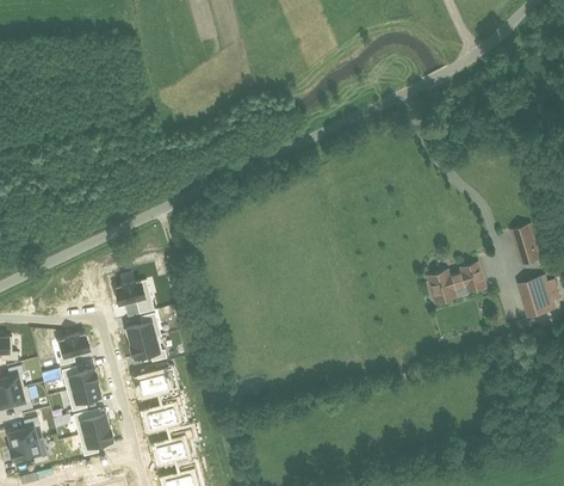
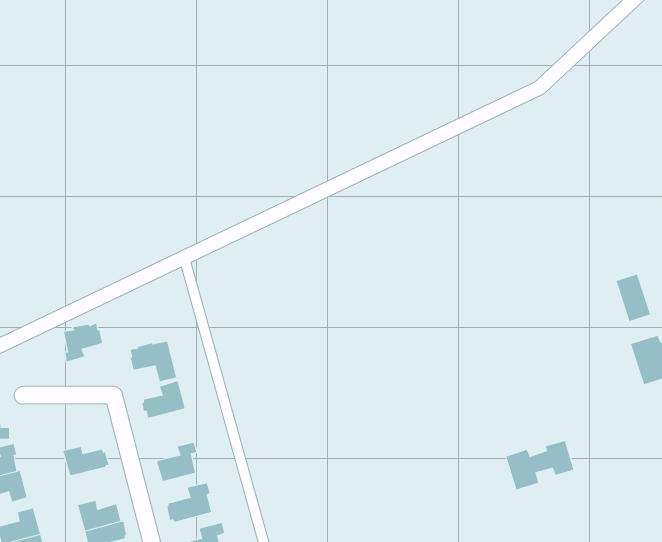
building: [428,264,484,304] -> [505,440,574,490]
building: [57,334,89,367] -> [63,323,103,362]
building: [130,336,167,362] -> none
building: [67,383,100,412] -> none

